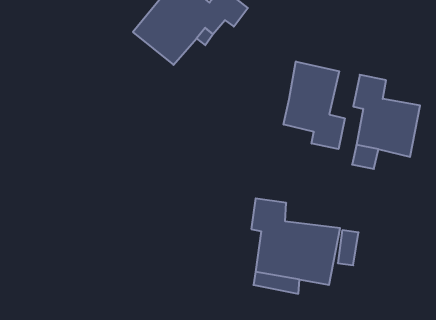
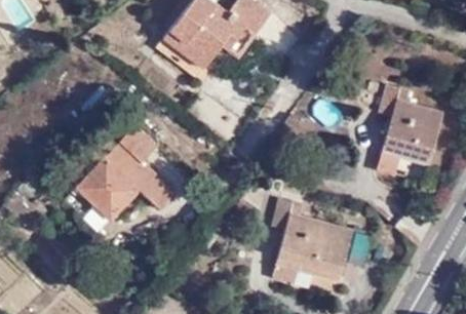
building: [284,61,345,149] -> none
building: none -> [81,124,177,218]

